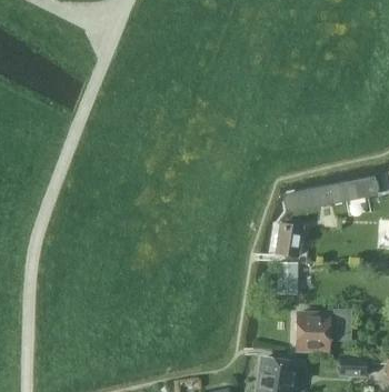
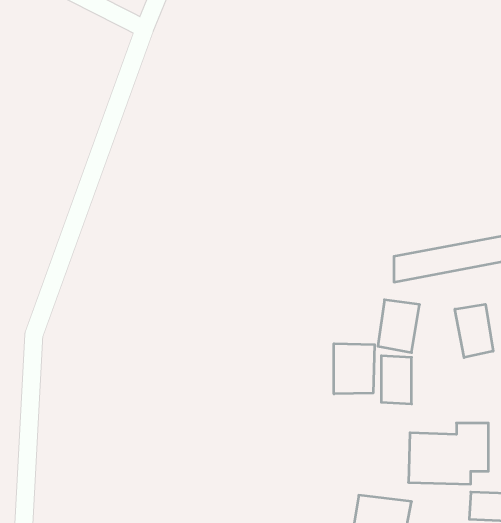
building: none -> [455,304,493,358]
building: none -> [334,344,375,394]

